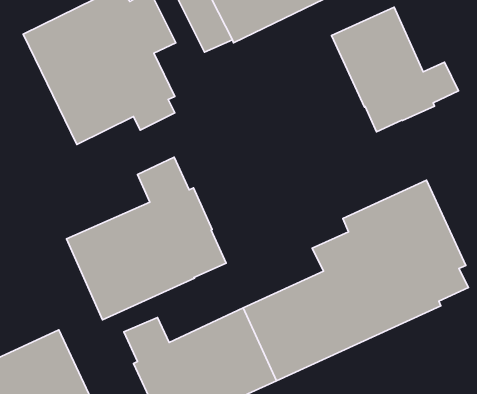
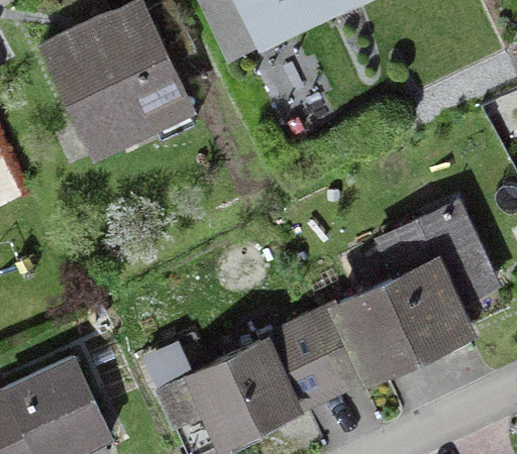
building: [332,7,458,132] -> none
building: [66,157,226,320] -> none

